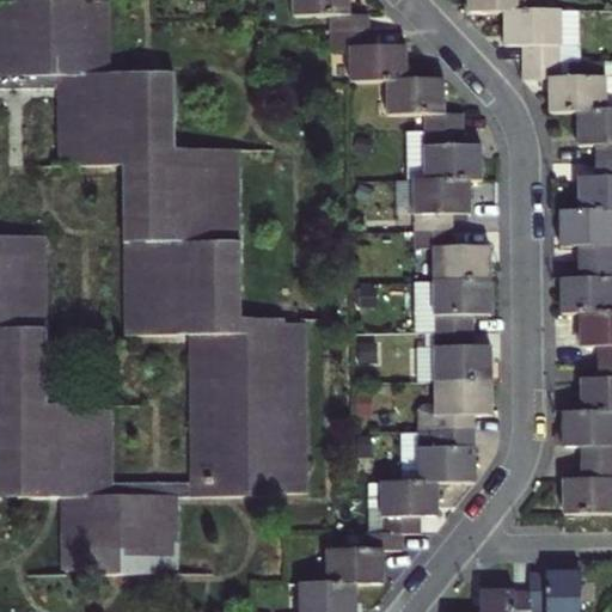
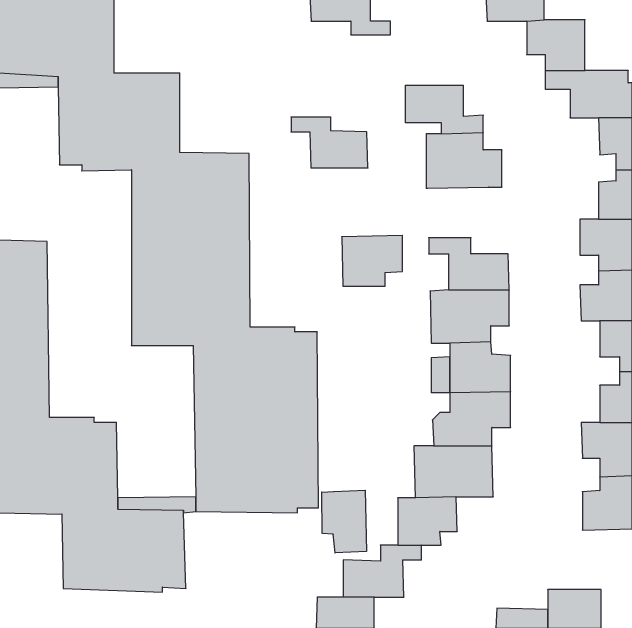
building: [338,33,412,82] -> [291,117,368,168]
building: [412,180,471,230] -> [342,235,402,286]
building: none -> [322,490,366,553]

